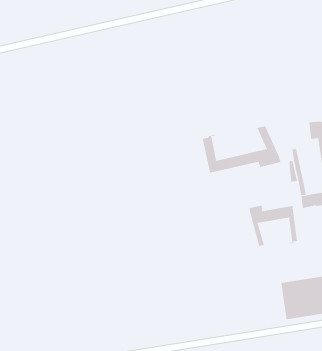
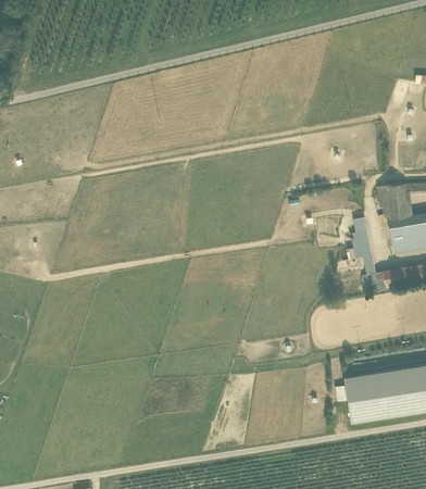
building: [202,125,281,174] -> none
building: [249,205,298,247] -> none

